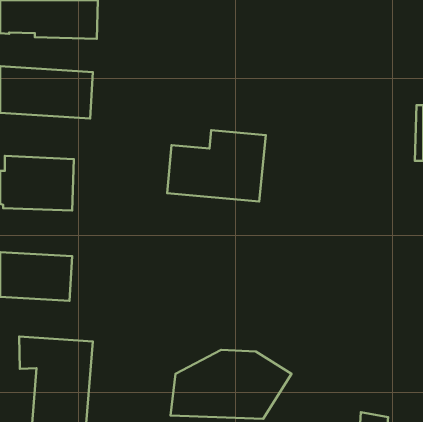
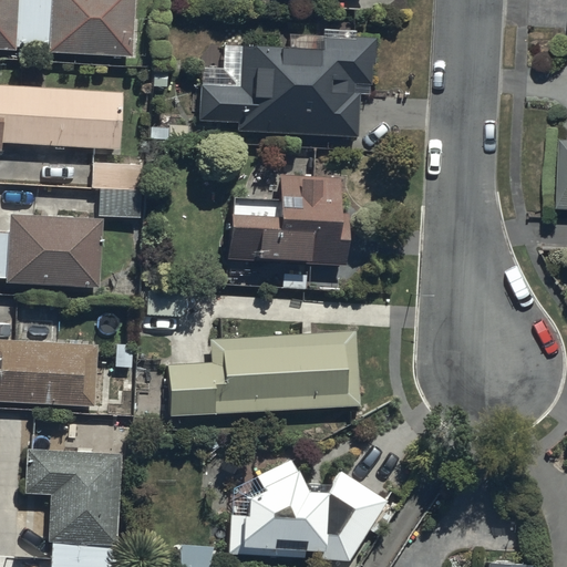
building: none -> [196,35,373,133]
building: none -> [87,159,146,214]
building: none -> [169,336,360,417]

